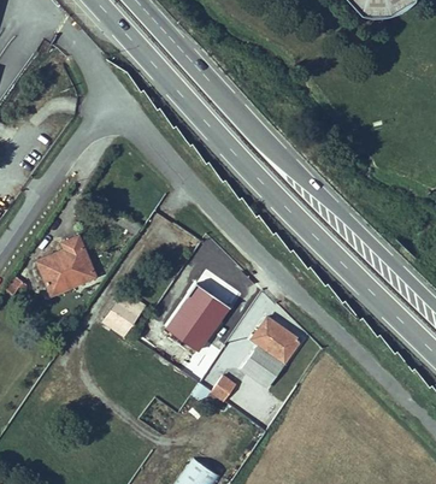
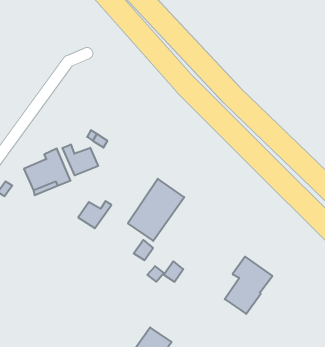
building: none -> [62,144,98,175]
building: [241,317,300,388] -> [225,257,272,314]

